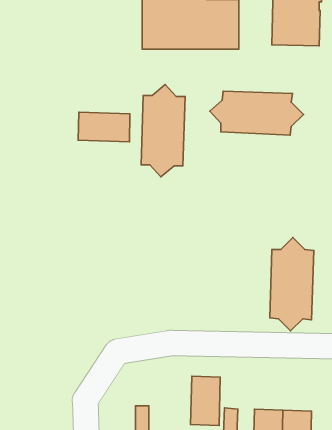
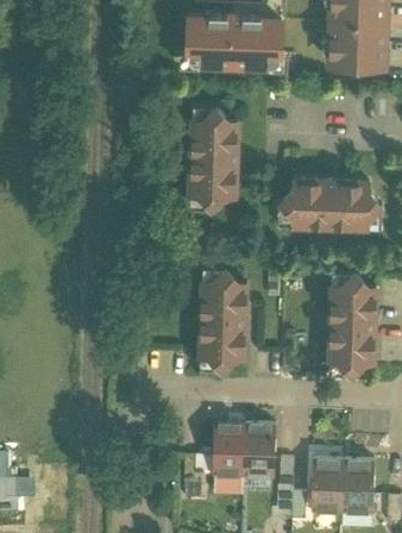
building: [210,91,303,135] -> [279,181,381,228]
building: [78,112,130,142] -> none
building: none -> [199,269,246,370]
building: none -> [212,422,244,476]

